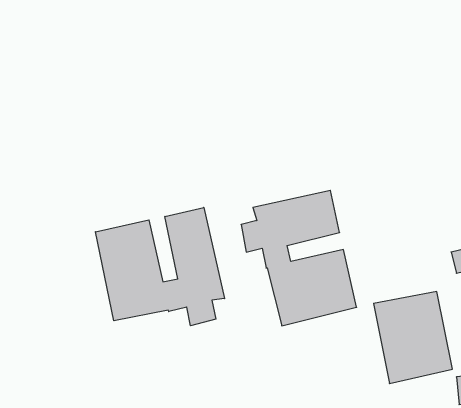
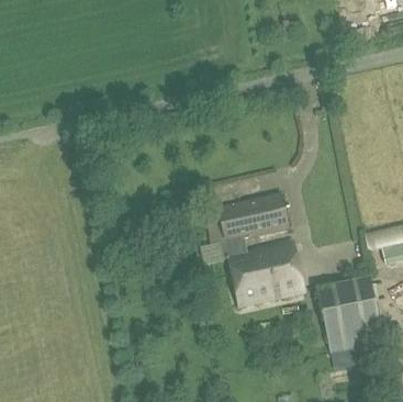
building: [95,207,225,326] -> none

